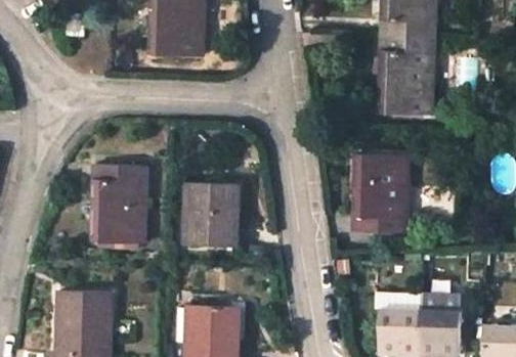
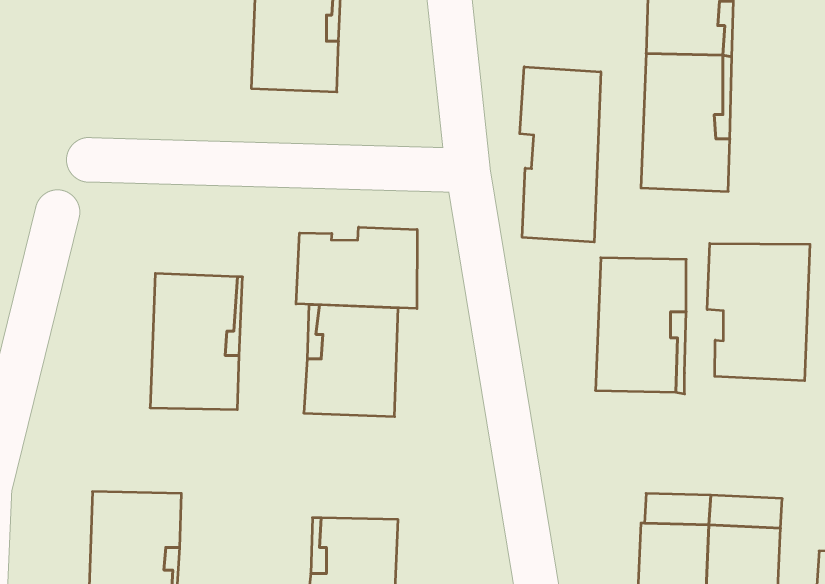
building: none -> [520,67,601,242]
building: none -> [296,227,417,309]
building: none -> [707,243,810,381]

